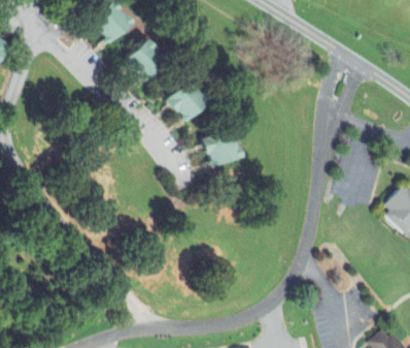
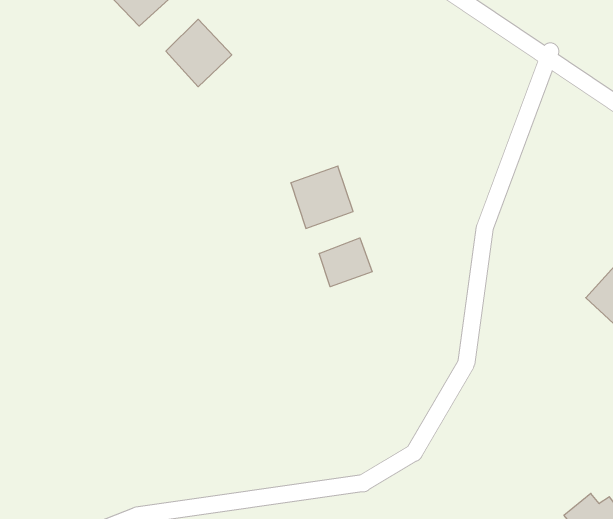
building: [168,81,209,122] -> none
building: none -> [319,238,372,287]

